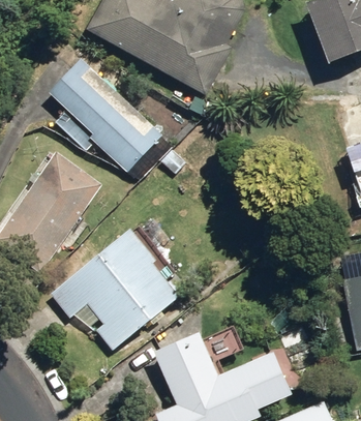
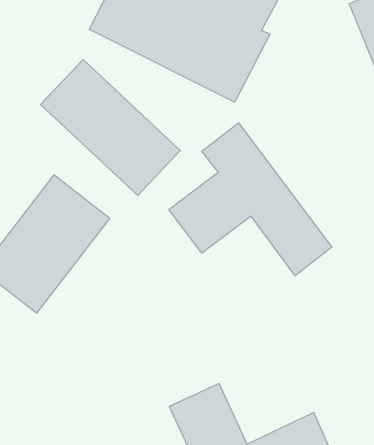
building: none -> [169,123,332,276]
building: [56,229,176,345] -> none

